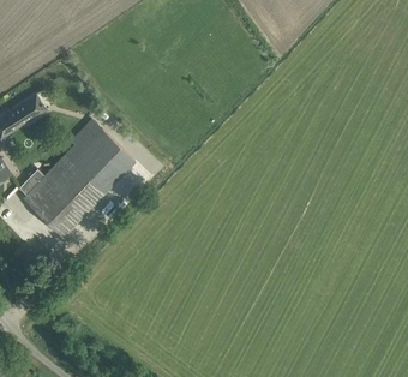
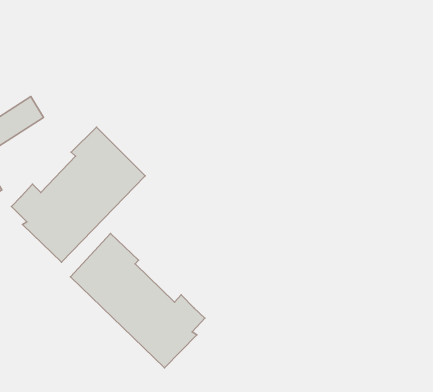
building: none -> [70,234,205,368]

